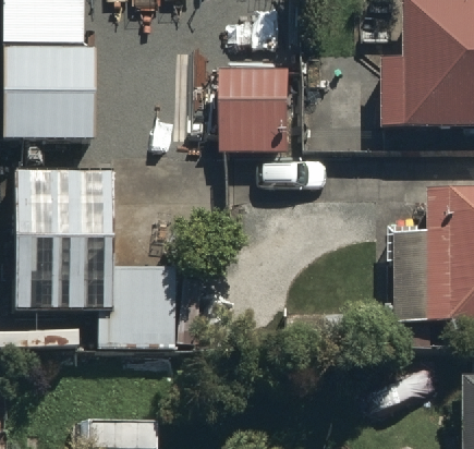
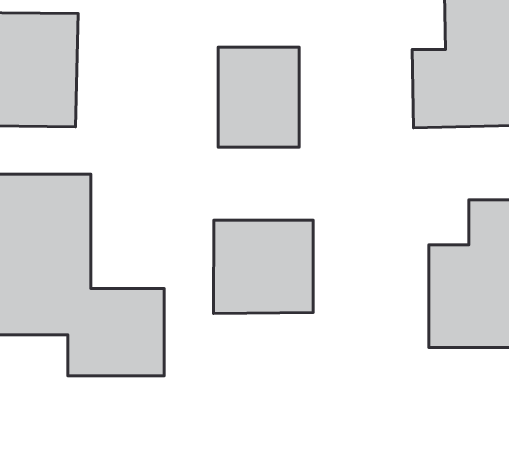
building: none -> [214,220,313,314]

